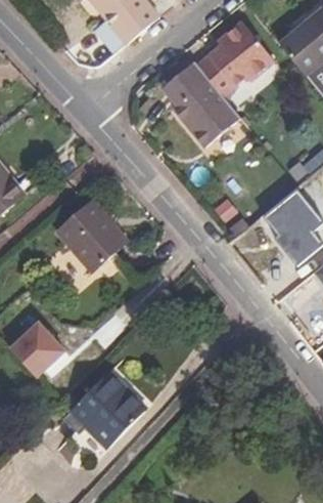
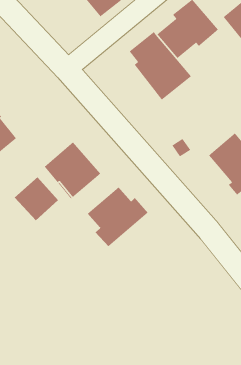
building: none -> [87,186,149,247]
building: [8,321,64,377] -> [14,176,59,221]
building: [67,370,147,450] -> none

